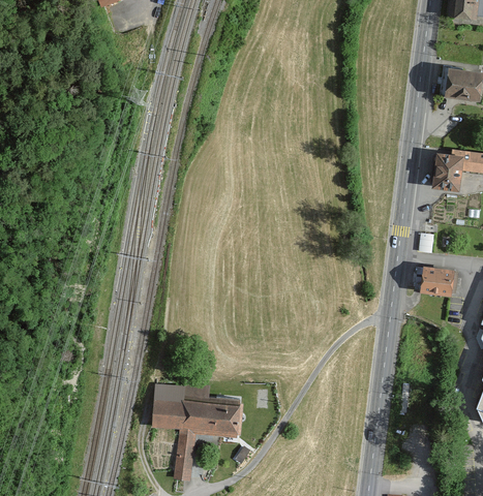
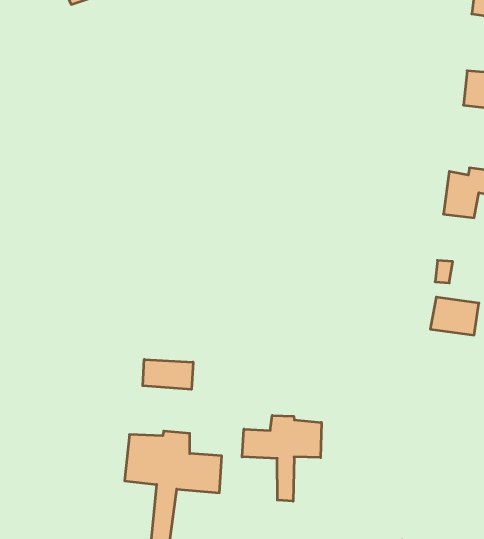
building: none -> [143,359,193,389]
building: none -> [242,415,321,501]

